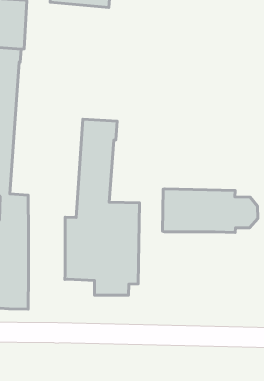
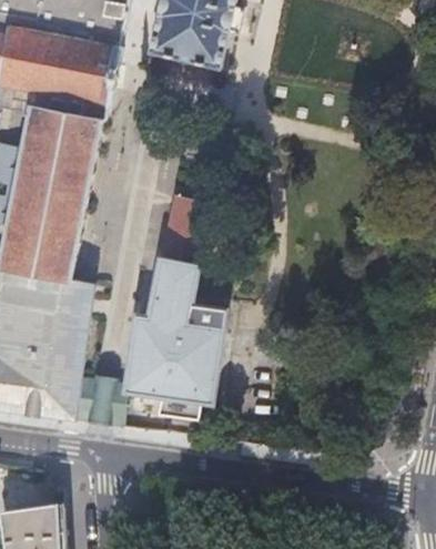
building: [162,189,258,233] -> none
building: none -> [73,377,125,429]

